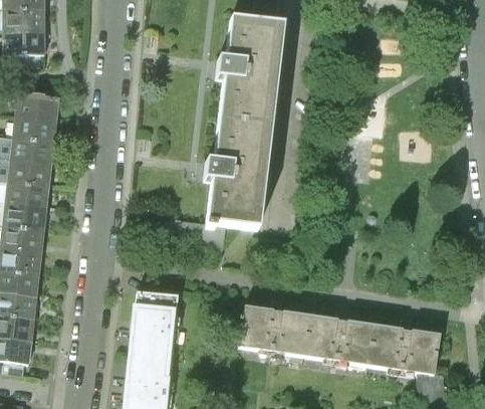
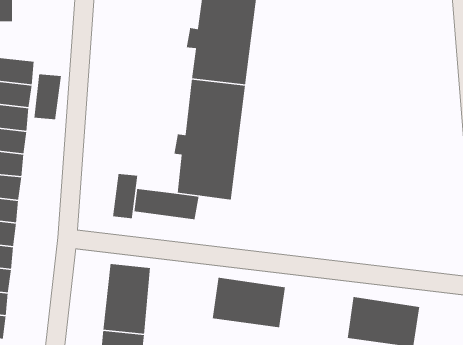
building: none -> [33,73,62,120]
building: none -> [112,173,138,219]
building: [302,315,374,365] -> none

